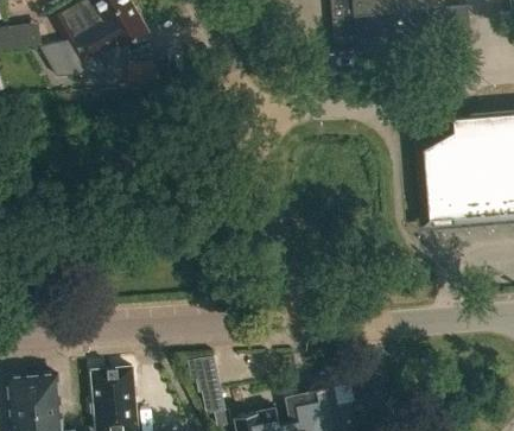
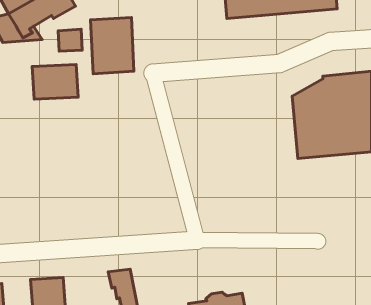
building: none -> [91,18,134,74]
building: none -> [32,65,78,99]

